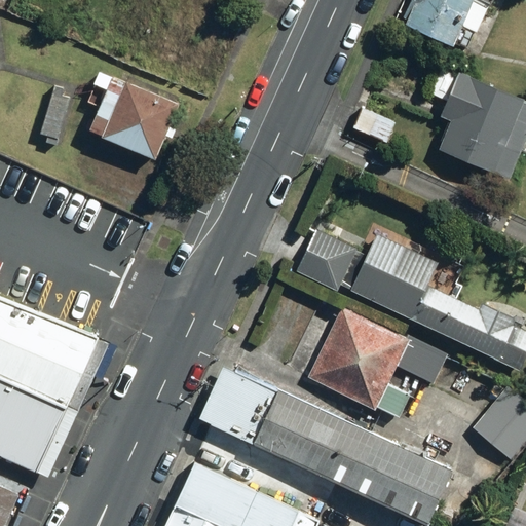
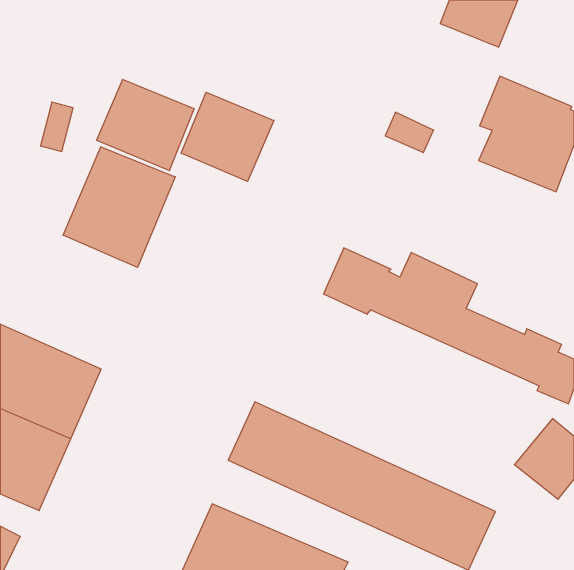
building: none -> [181,92,274,181]
building: none -> [63,147,175,267]
building: [306,308,447,417] -> none

